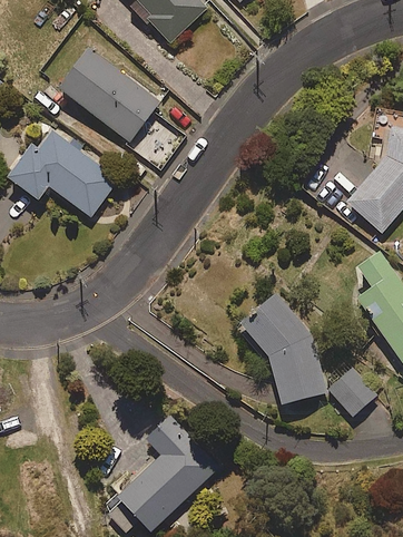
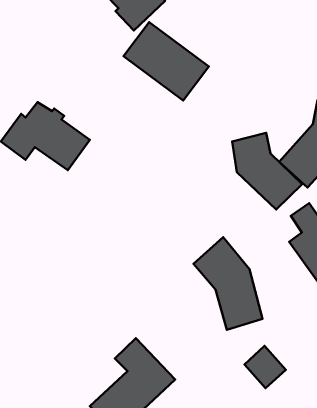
building: [57,46,160,140] -> [124,22,209,100]
building: none -> [232,133,302,209]
building: [325,364,375,416] -> [244,346,286,388]

